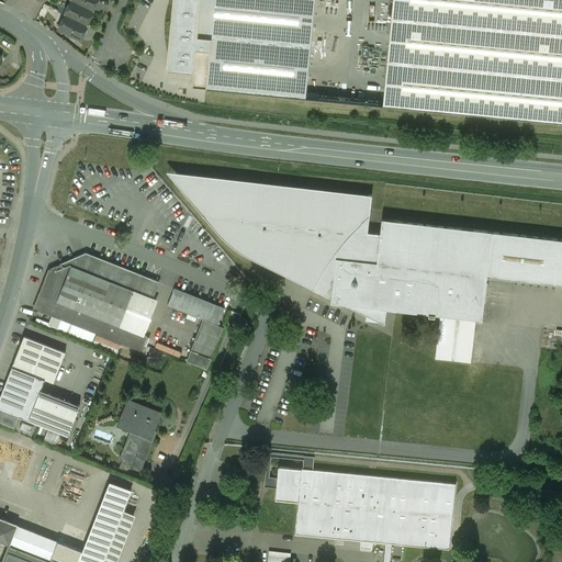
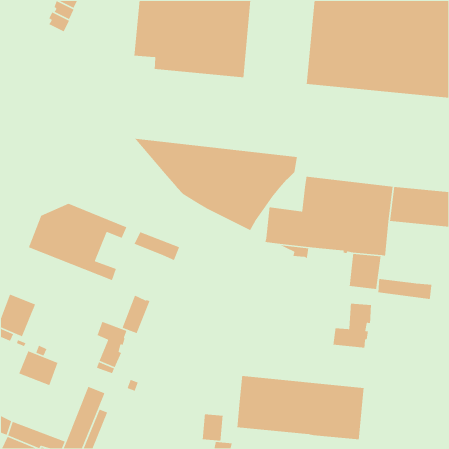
building: [313,215,380,297] -> none
building: [120,291,157,335] -> none
building: [187,319,223,369] -> [121,295,150,334]
building: [12,336,66,383] -> none
building: none -> [378,278,432,300]
building: none -> [333,303,372,348]
building: [29,391,79,436] -> [18,350,59,386]
building: [274,467,302,502] -> [202,413,224,442]

